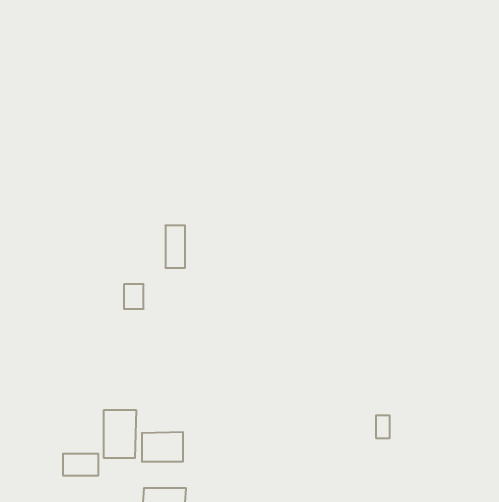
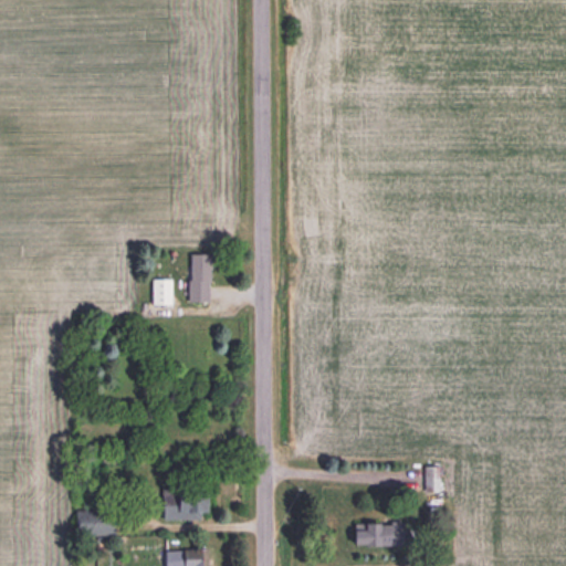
building: [124,284,144,309] -> [154,277,176,305]
building: [104,410,136,458] -> none
building: none -> [350,524,401,546]

